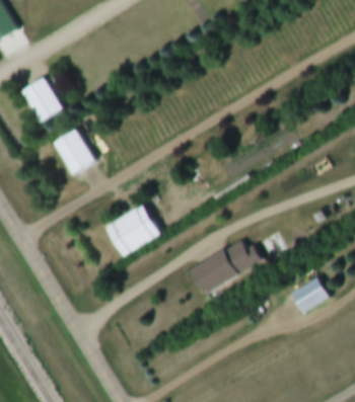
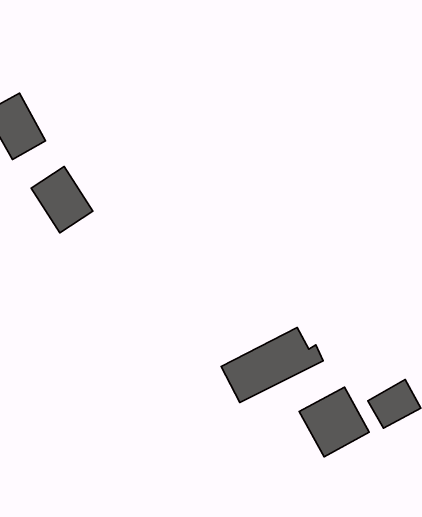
building: [104,206,159,256] -> none
building: none -> [299,387,369,457]

